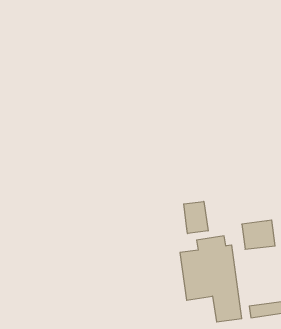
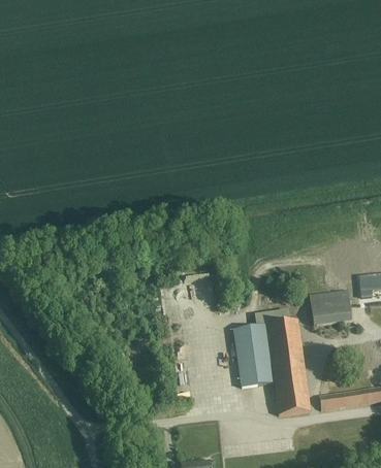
building: [184,201,208,234] -> none

